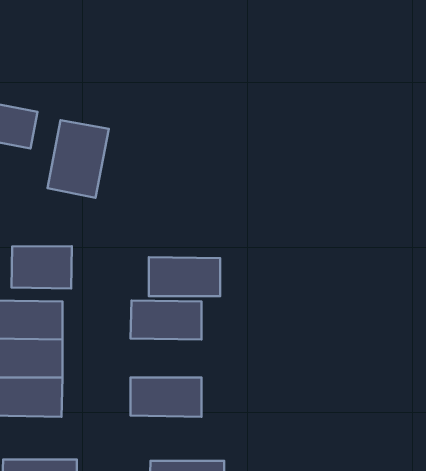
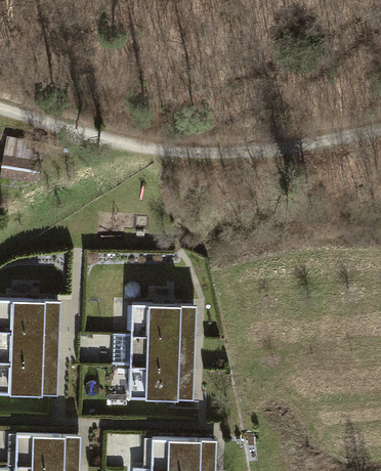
building: [48,120,109,198] -> none
building: [11,246,72,288] -> none
building: [149,257,220,296] -> [122,333,183,367]

